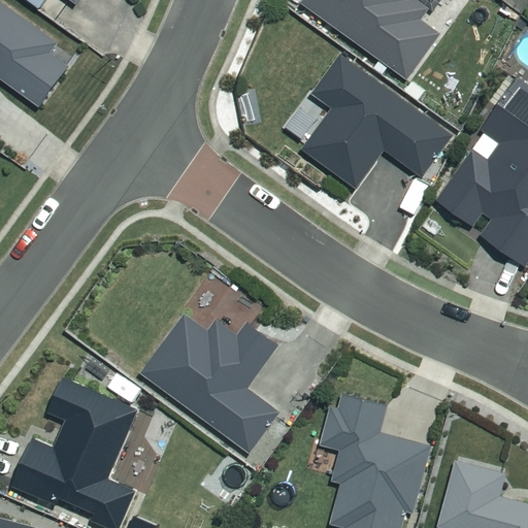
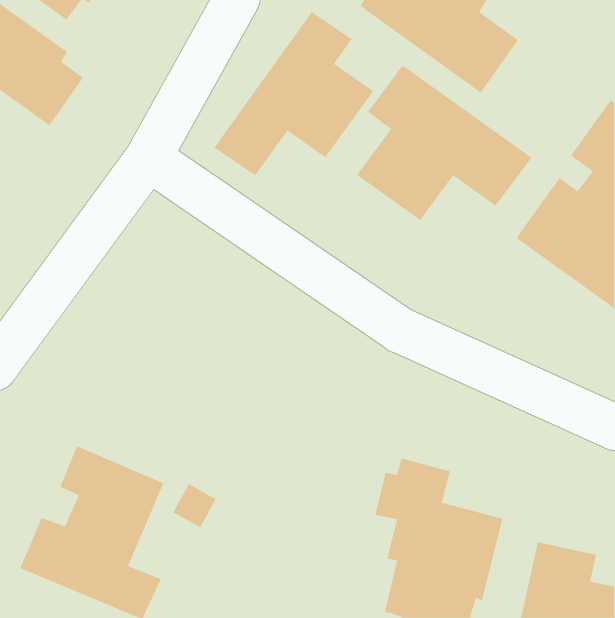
building: none -> [214,11,374,176]
building: [141,315,279,453] -> none

